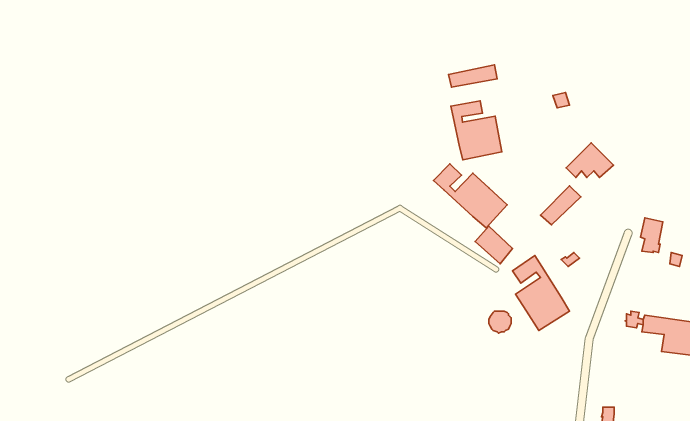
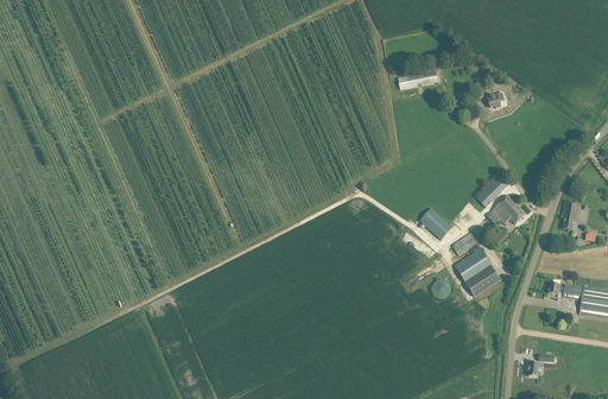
building: [451,101,502,160] -> none
building: [566,143,613,178] -> [486,192,526,222]
building: [433,164,507,228] -> none

